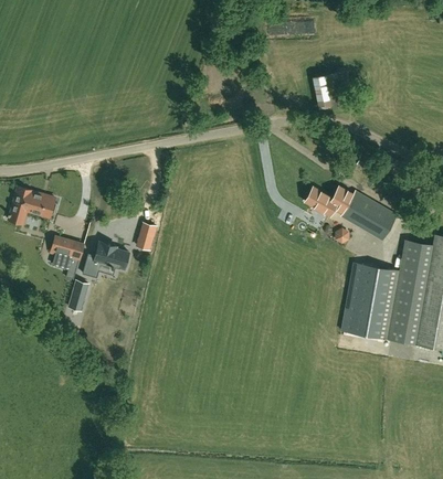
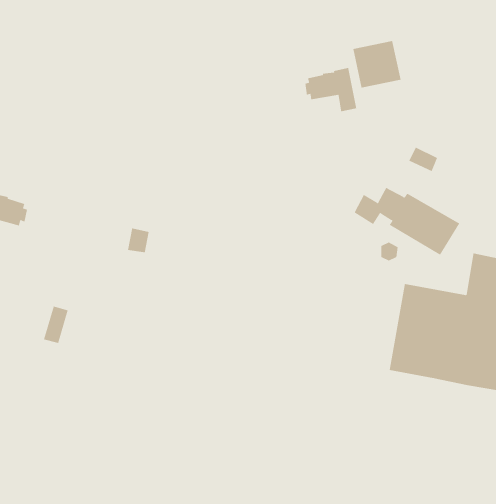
building: none -> [305,67,357,112]
building: [48,236,82,279] -> none
building: [81,242,130,281] -> none

